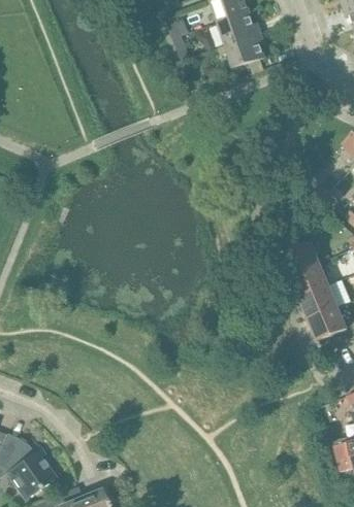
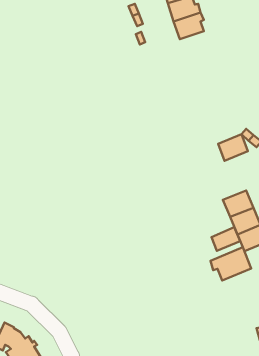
building: [282,241,320,275] -> [218,134,248,161]
building: none -> [211,227,240,251]
building: none -> [210,247,251,280]

